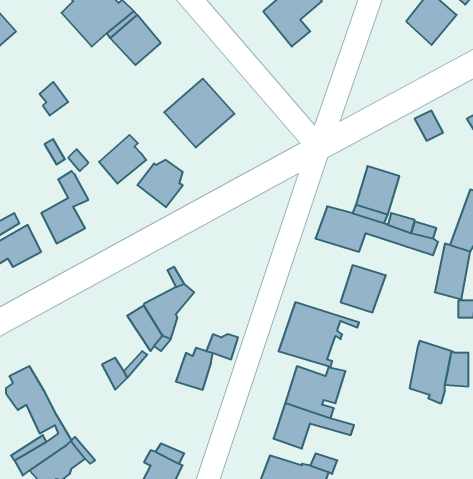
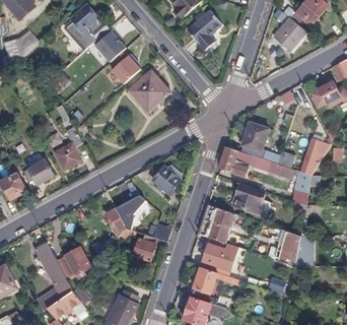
building: [99,135,146,184] -> [111,56,139,85]
building: [137,160,183,207] -> [153,164,181,192]
building: none -> [56,247,89,279]

